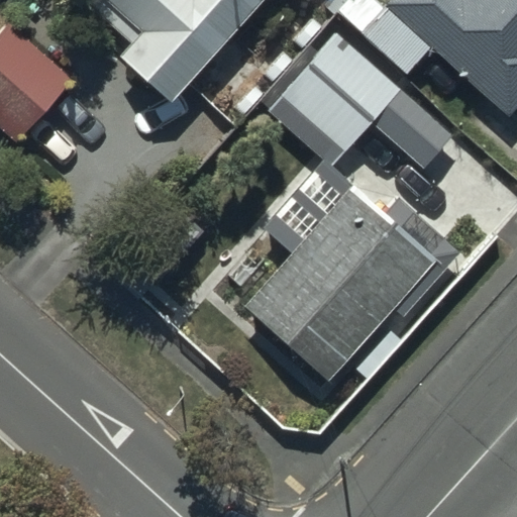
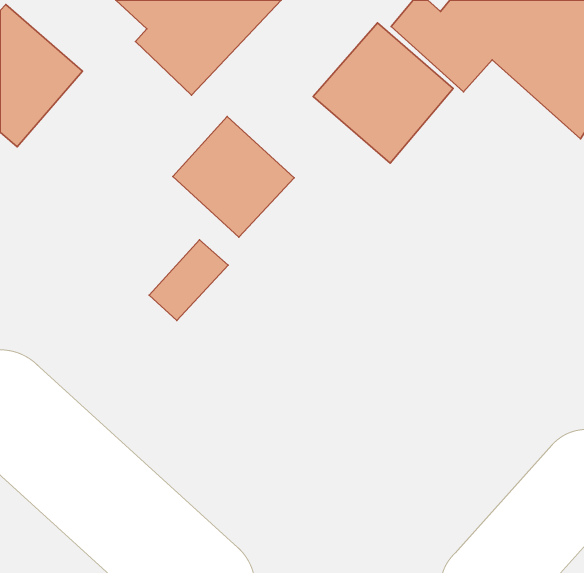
building: none -> [173,116,294,237]
building: [248,172,438,376] -> none

